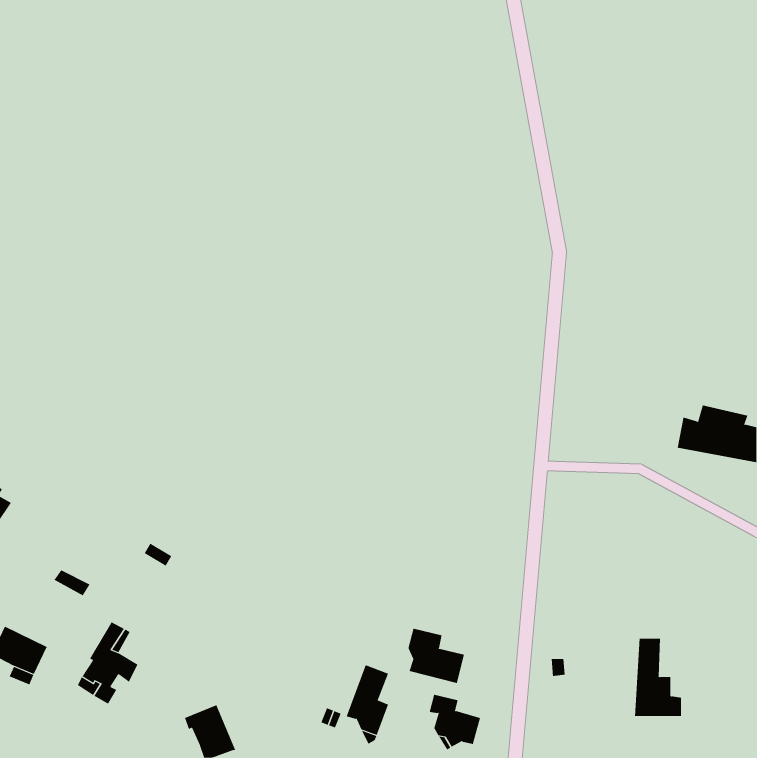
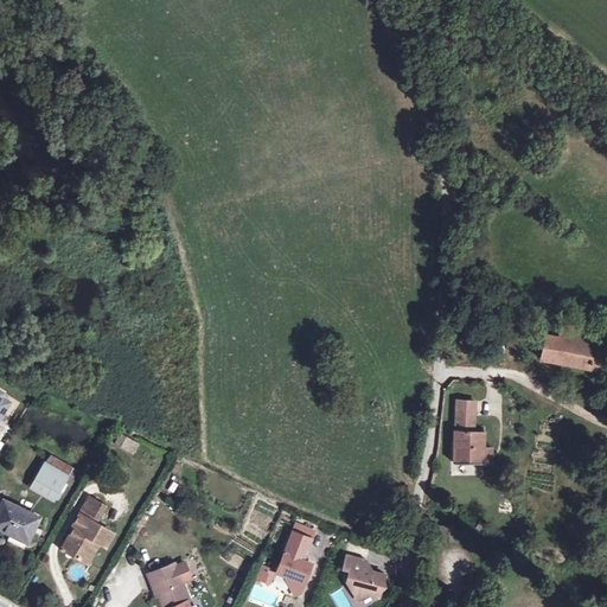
building: none -> [31,464,66,499]
building: [408,628,465,684] -> none
building: [634,638,682,717] -> [453,401,491,464]

